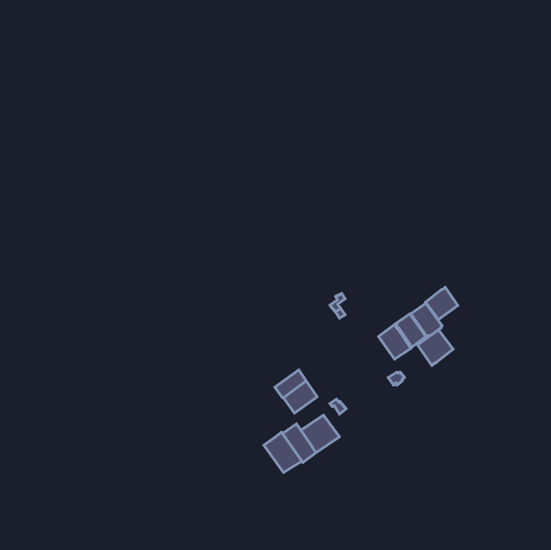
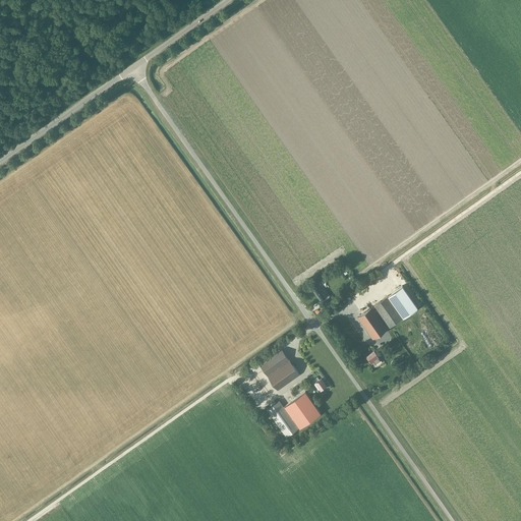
building: [425,287,458,320] -> none
building: [418,330,453,365] -> none
building: [264,432,302,472] -> none

